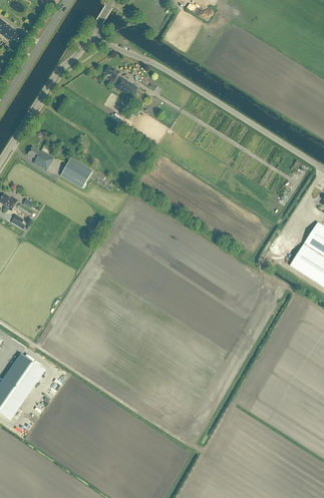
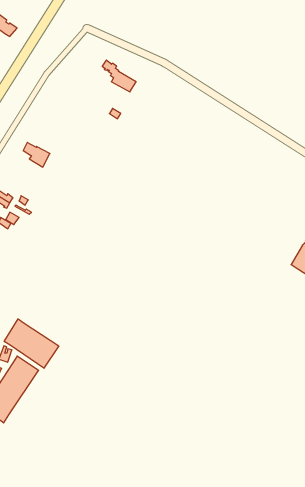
building: [60,157,92,187] -> none
building: none -> [4,319,59,368]

